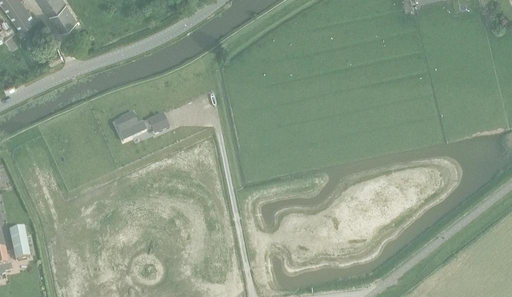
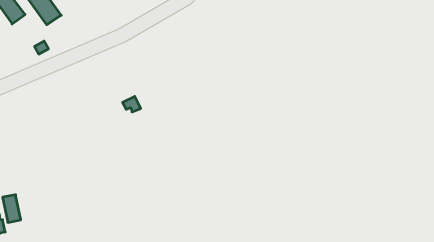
building: [111,111,143,139] -> none

